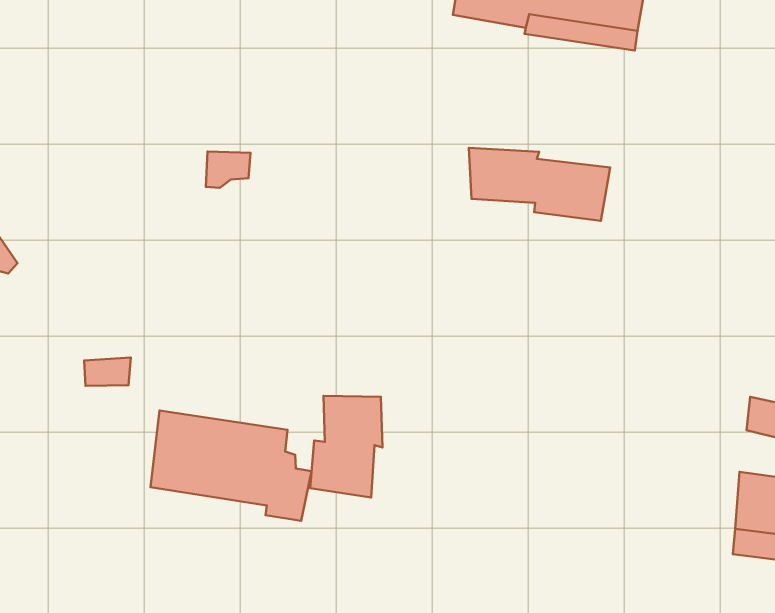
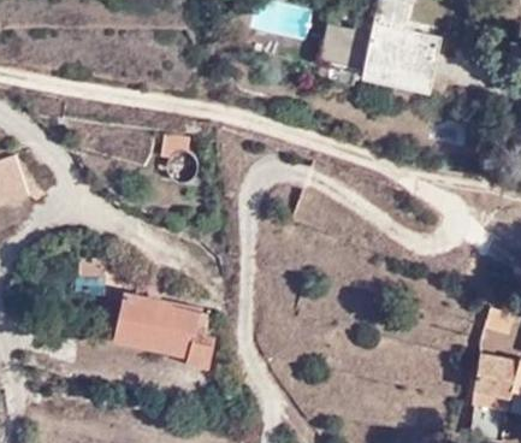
building: [469,148,610,221] -> none
building: [310,396,383,498] -> none

